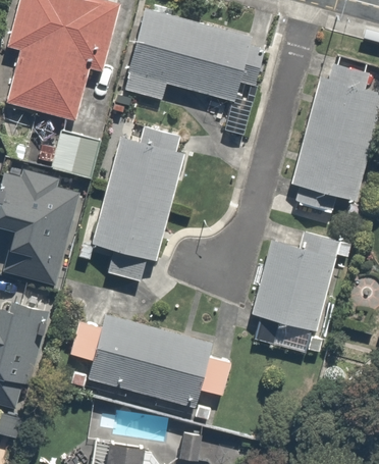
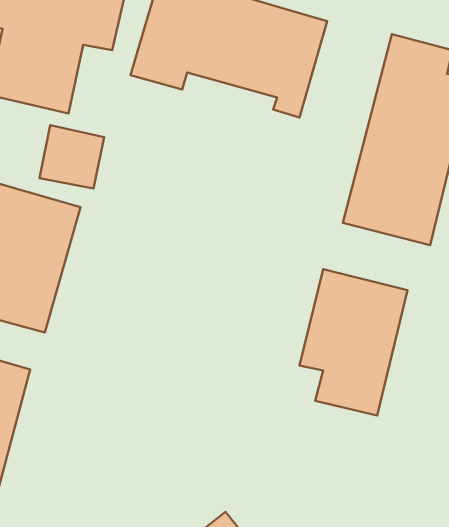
building: [91,123,190,276] -> none
building: [68,311,227,409] -> none

